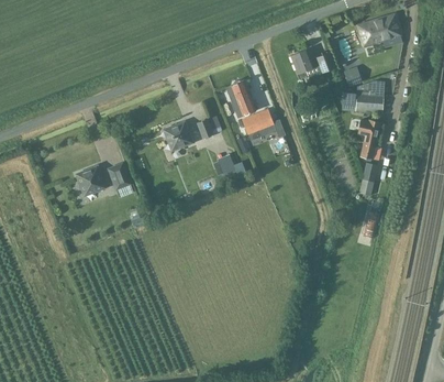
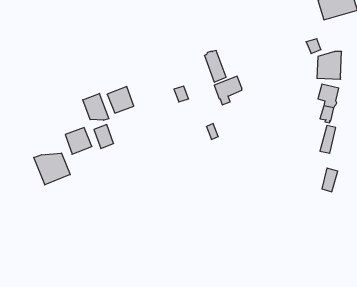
building: [291,50,335,78] -> none
building: [163,121,192,151] -> [107,86,134,113]
building: none -> [83,93,109,120]
building: none -> [34,153,70,185]

